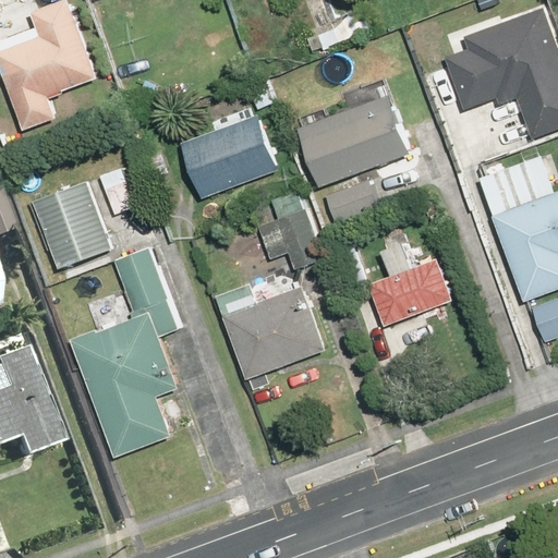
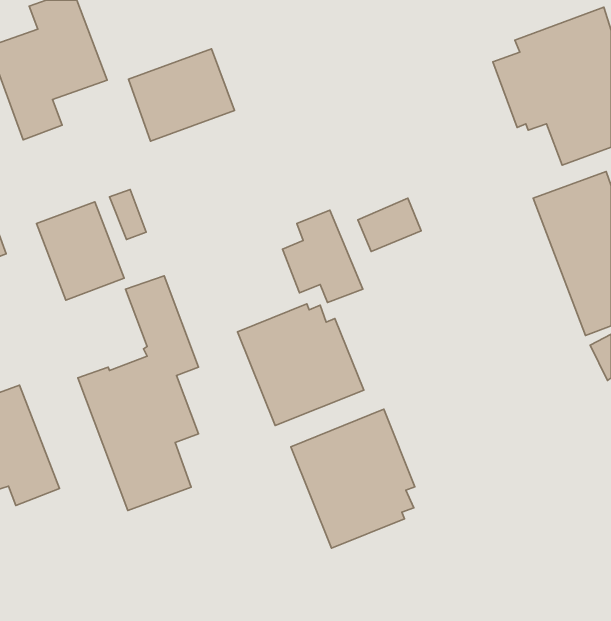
building: [299,95,412,189] -> none
building: [183,113,278,196] -> [129,49,234,141]
building: [367,242,453,327] -> none
building: none -> [291,409,415,548]

